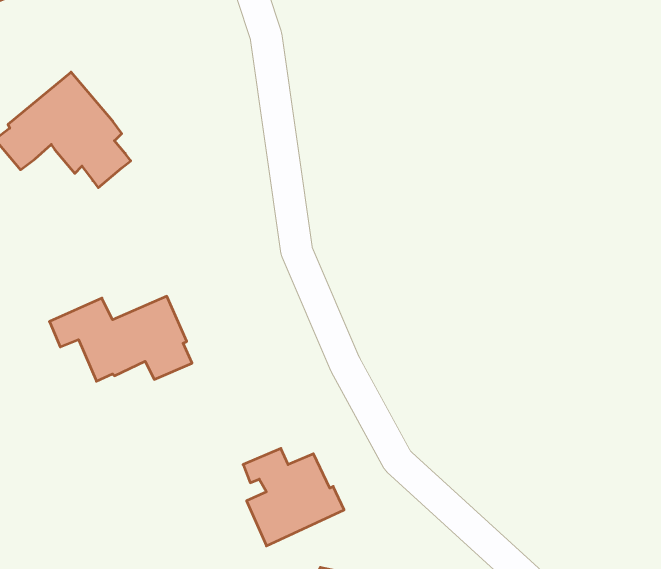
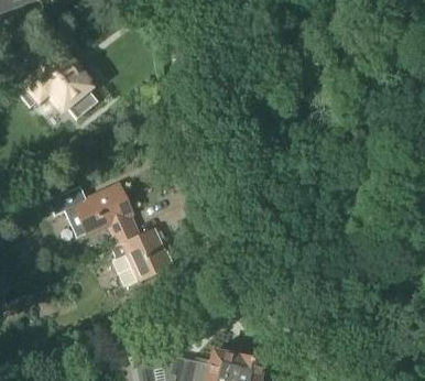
building: [243,448,344,546] -> [112,227,174,286]

